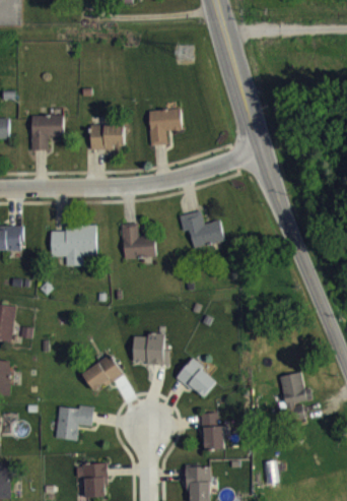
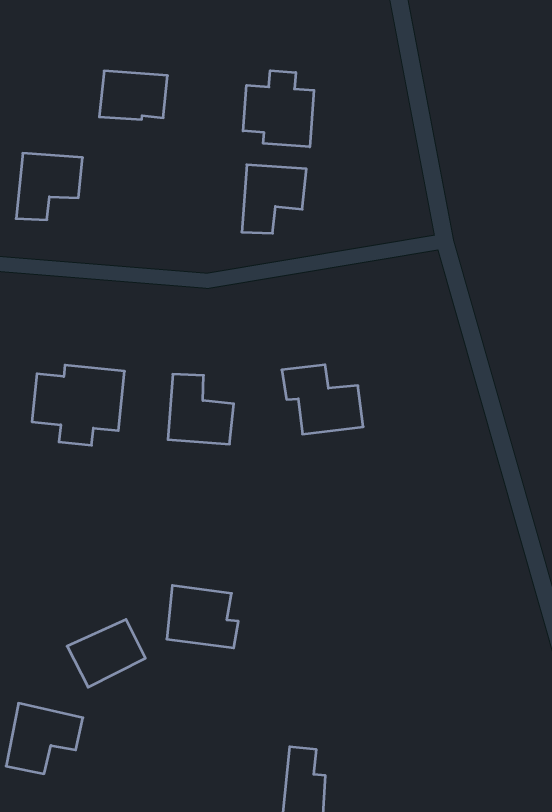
building: none -> [243,71,314,147]
building: [90,124,124,149] -> [99,71,168,119]
building: [177,359,217,398] -> none
building: [279,372,313,405] -> none

